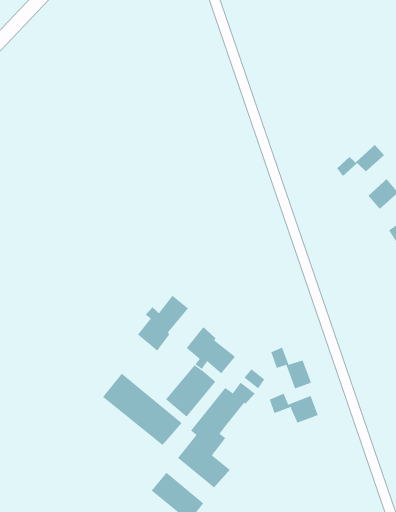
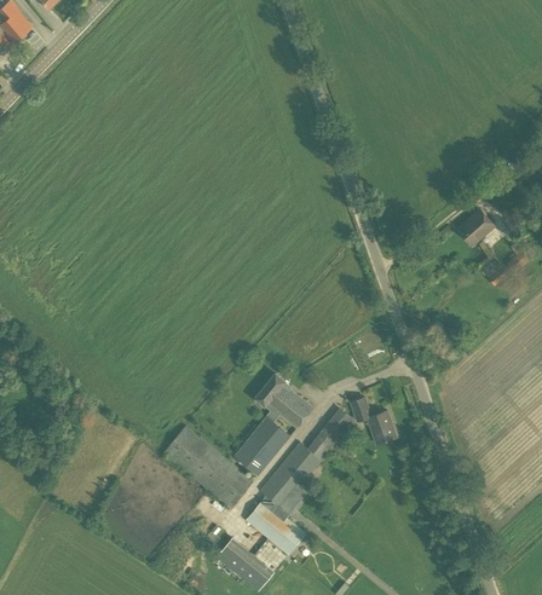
building: [337,144,385,177] -> none
building: [137,295,189,352] -> none
building: [269,393,319,424] -> none

